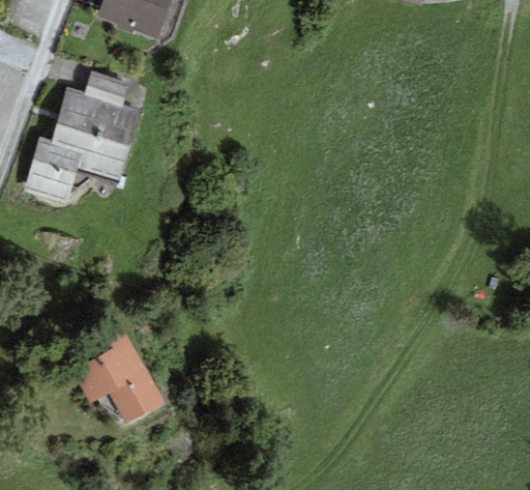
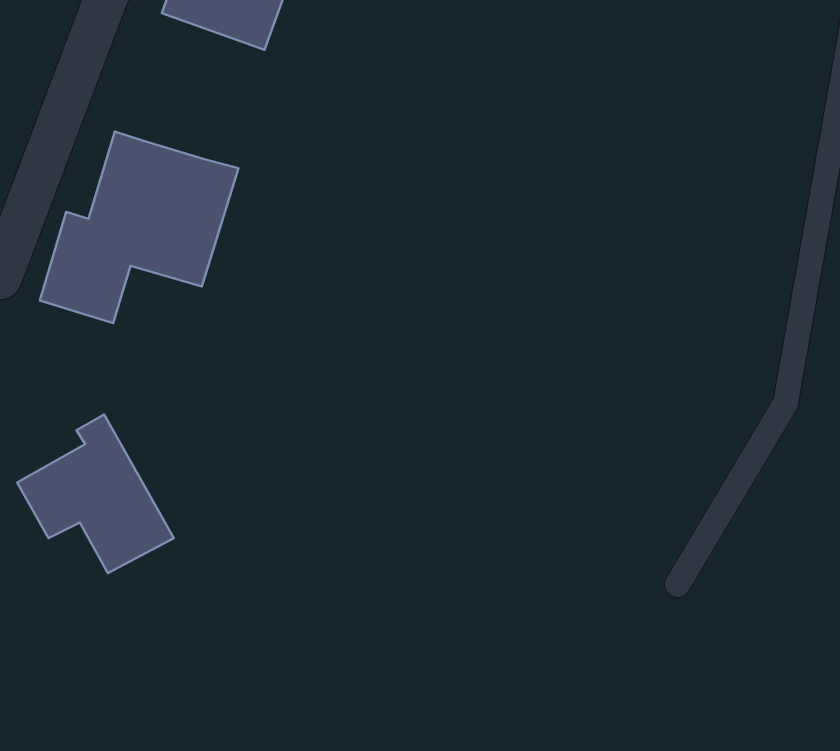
building: [85,71,129,105] -> none
building: [72,329,166,424] -> [17,415,174,573]

